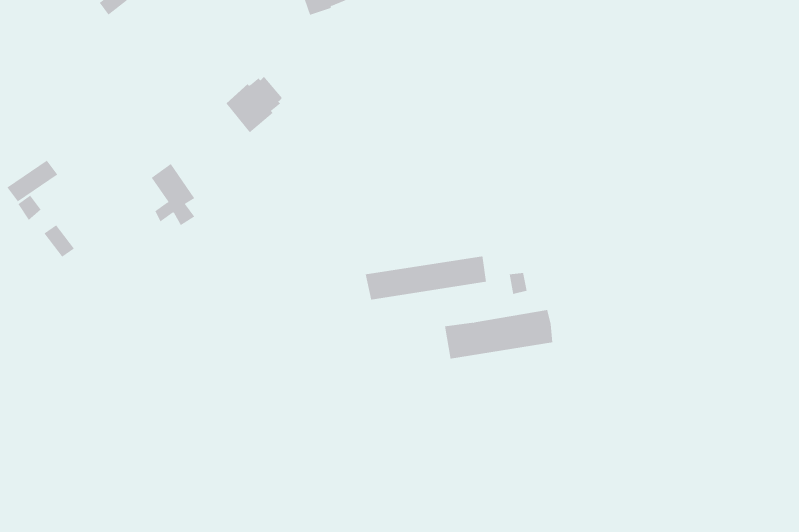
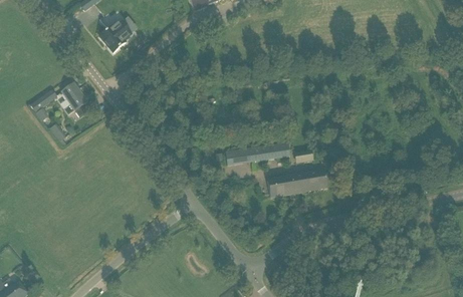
building: [226,76,283,133] -> [100,21,132,52]
building: [151,163,195,226] -> [63,82,87,116]

